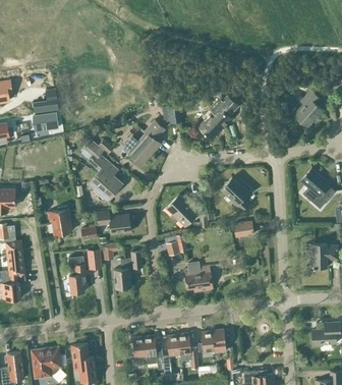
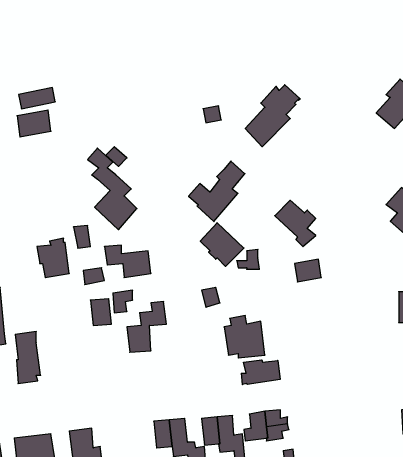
building: [123,120,164,164] -> [189,161,245,222]
building: [68,256,87,293] -> [15,332,41,384]
building: none -> [241,360,280,385]

